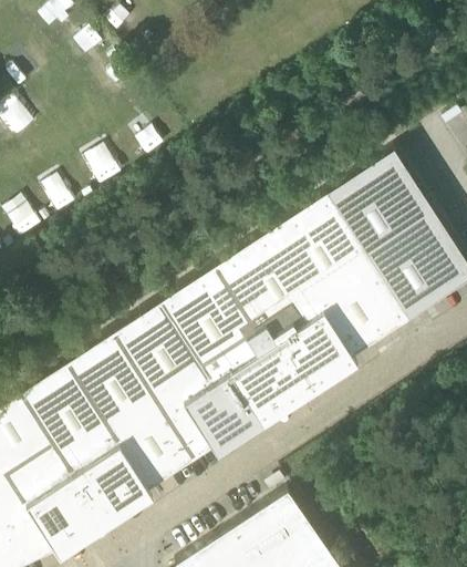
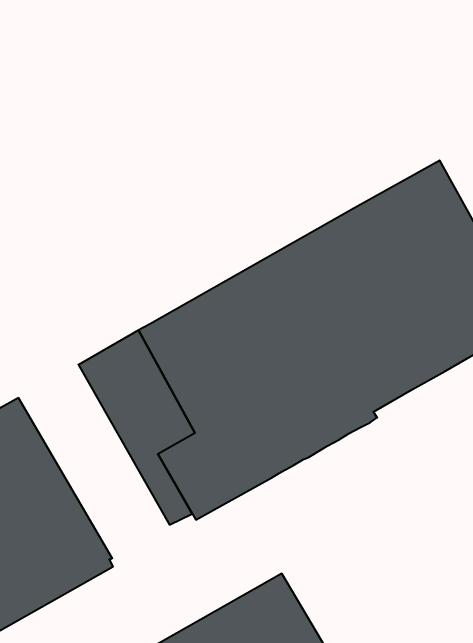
building: [66,337,195,491] -> none

